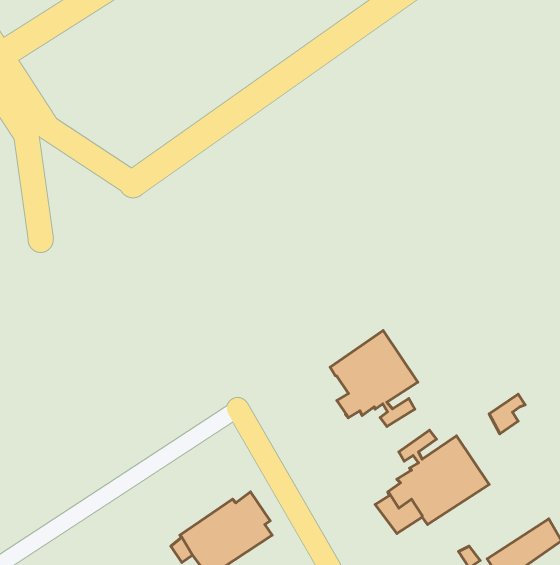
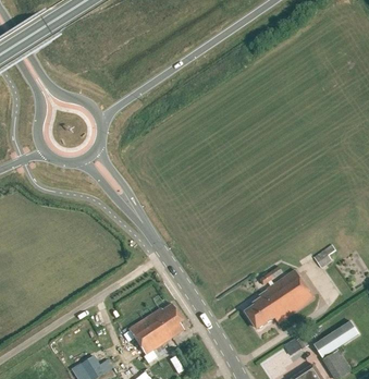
building: [330,331,418,427] -> none

